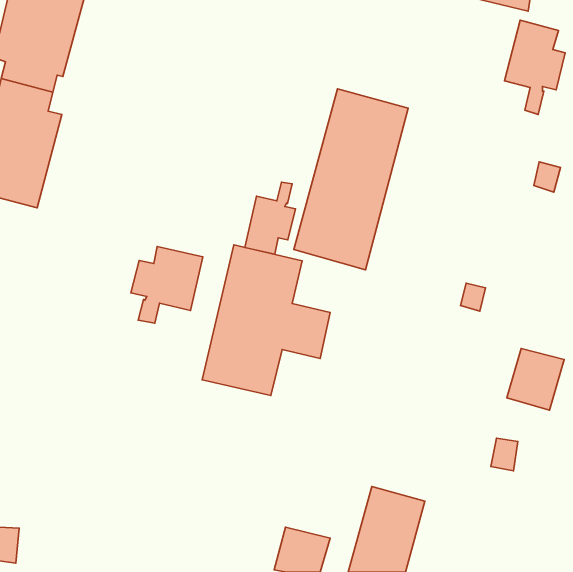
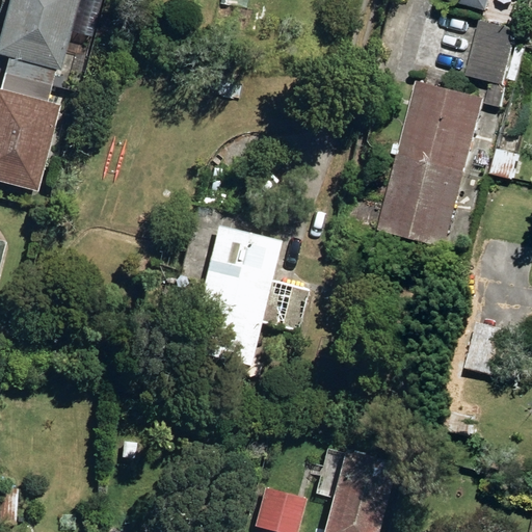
building: [294,89,408,270] -> [378,80,484,247]
building: [245,182,296,254] -> none
building: [131,246,203,323] -> none

